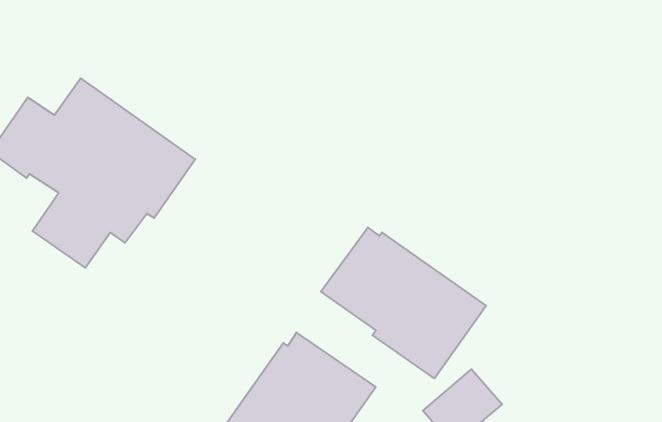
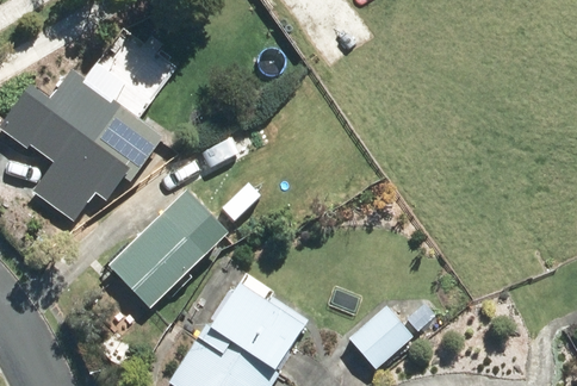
building: [321,227,486,378] -> none
building: none -> [112,210,210,306]

